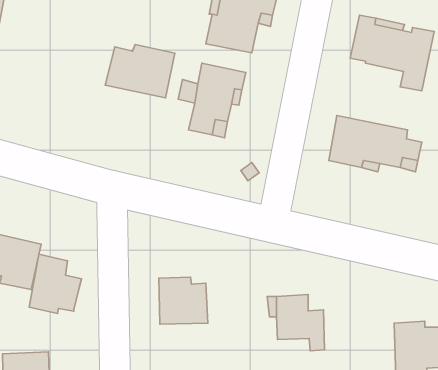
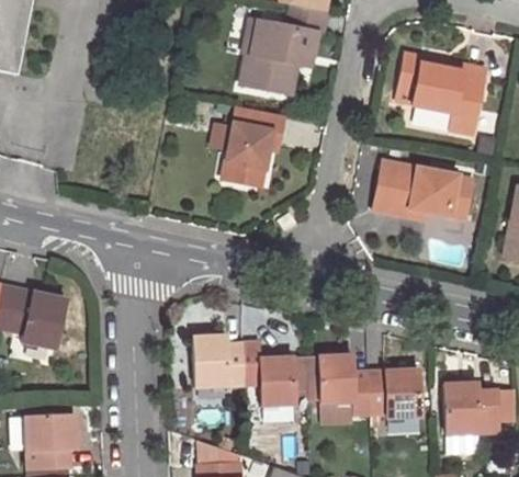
building: [105,45,175,98] -> none
building: [29,254,82,314] -> none
building: none -> [242,341,293,404]
building: none -> [369,368,419,417]

